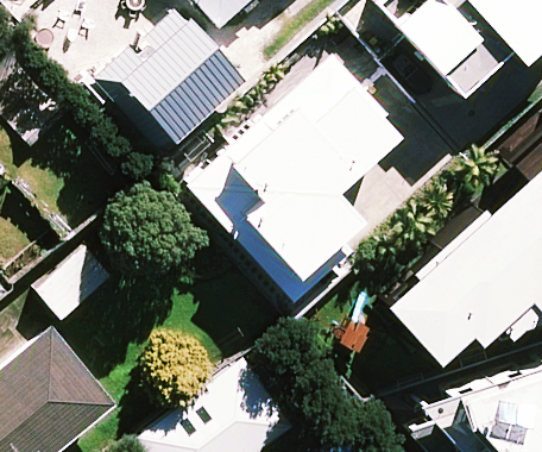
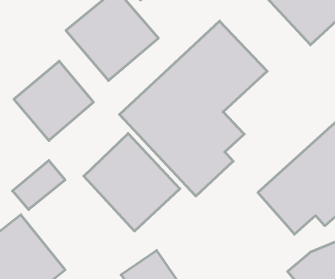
building: none -> [14,61,93,141]
building: none -> [84,133,180,231]

